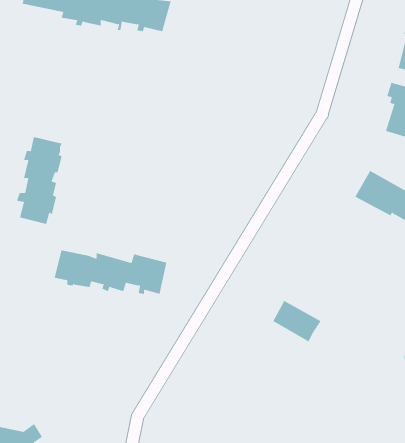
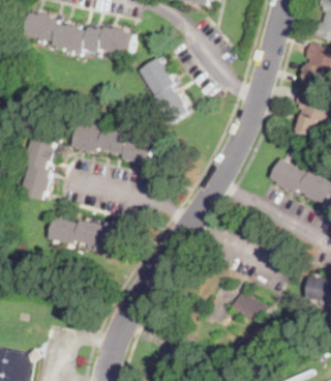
building: none -> [140,58,188,123]
building: none -> [72,124,152,166]
building: [273,300,321,342] -> [231,292,267,323]

